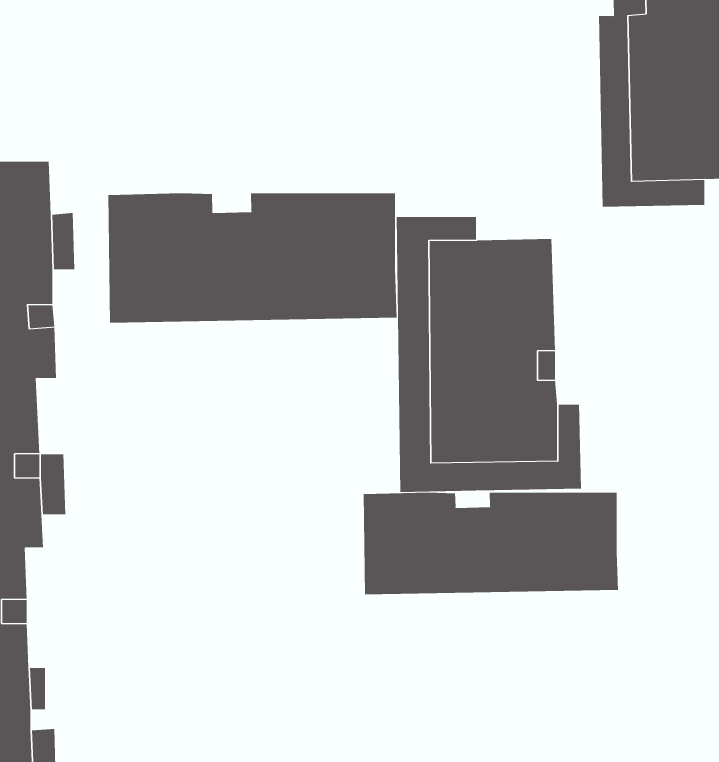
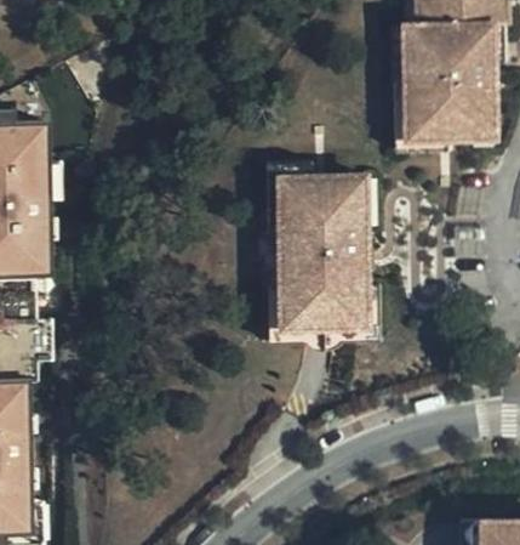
building: [108,193,397,324] -> none
building: [363,492,619,595] -> none

